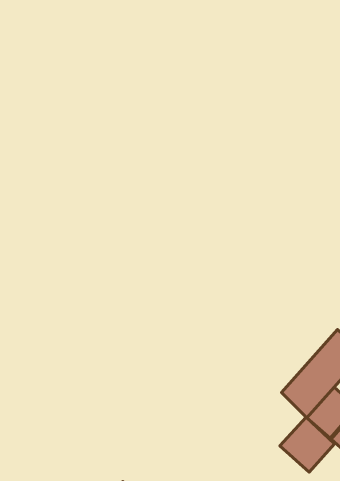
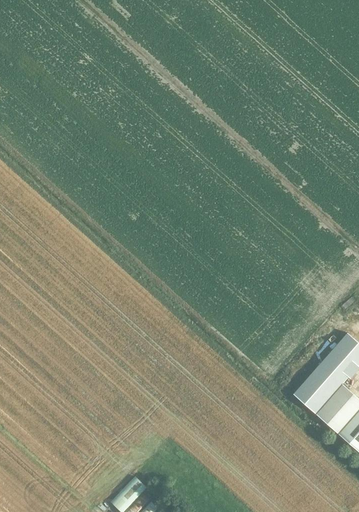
building: [280,417,334,472] -> none

